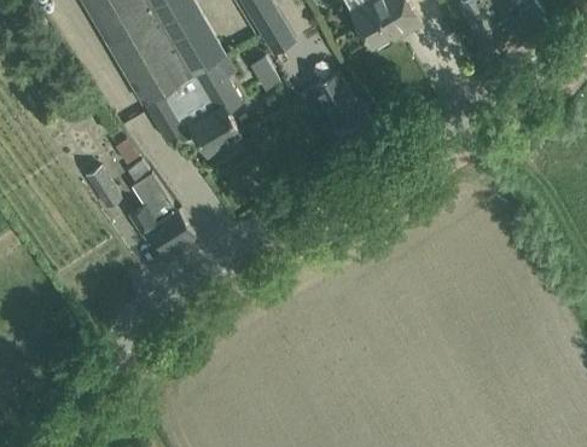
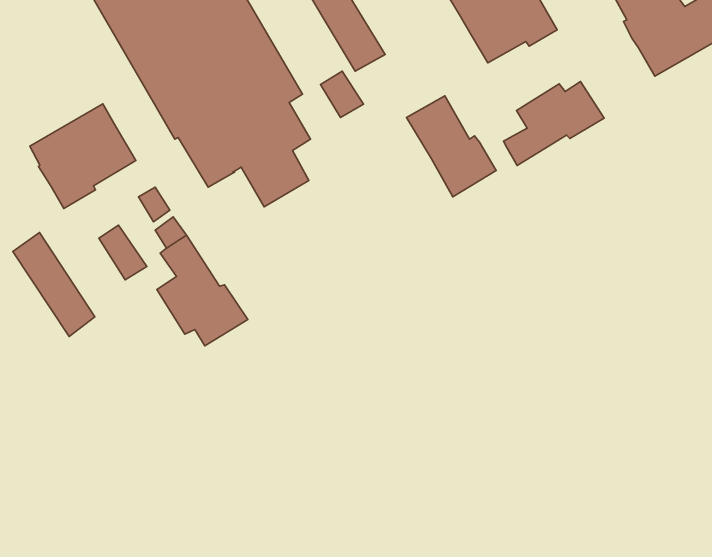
building: none -> [503,82,604,165]
building: none -> [30,104,136,208]
building: none -> [13,233,95,336]

